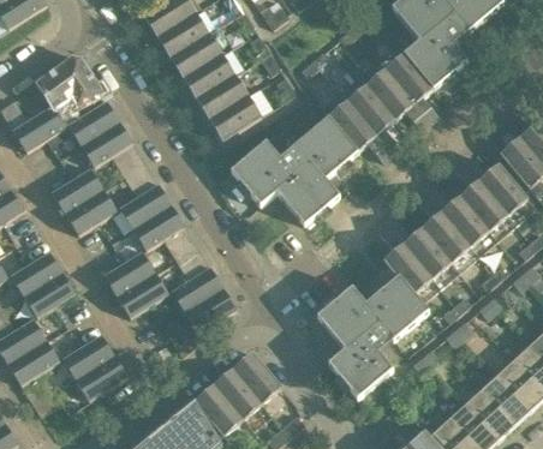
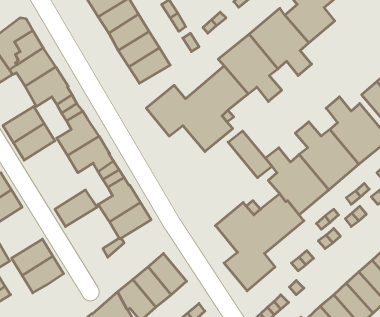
building: none -> [228,131,272,178]
building: [102,250,154,295] -> none

